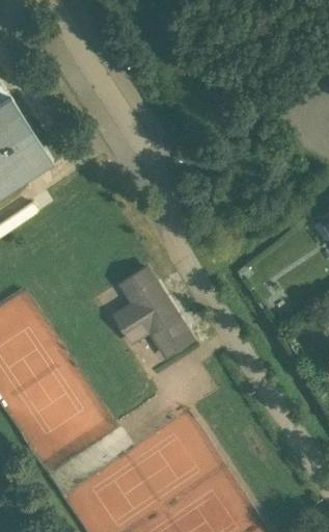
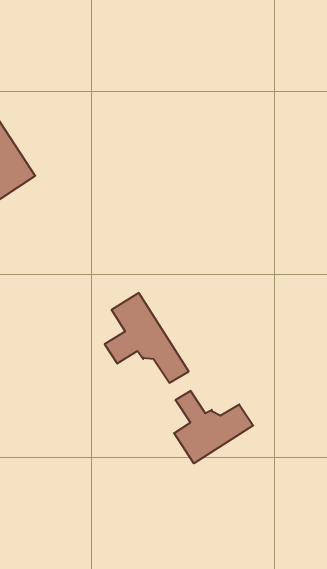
building: none -> [174,391,253,463]

